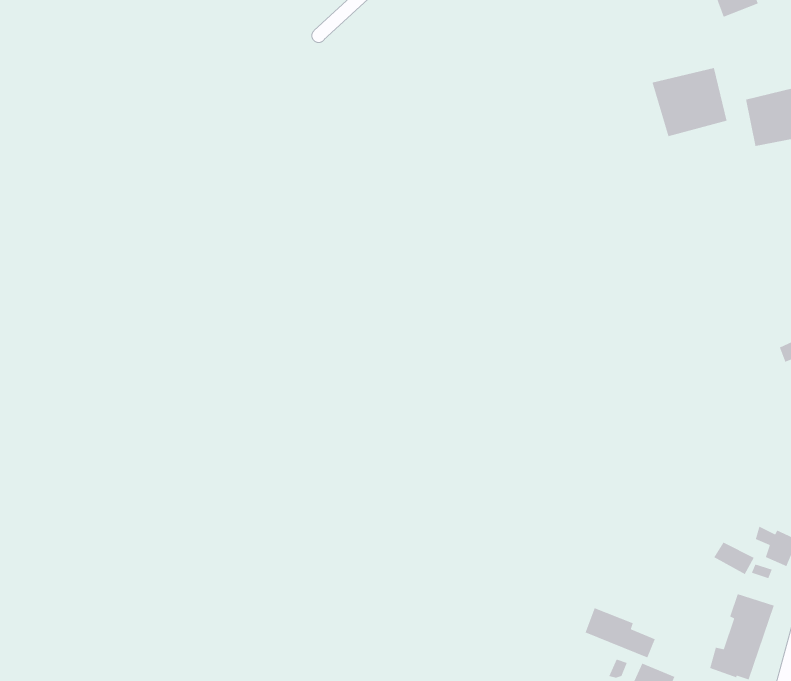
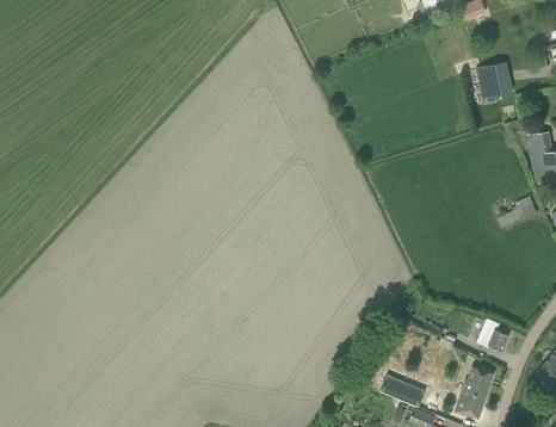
building: [651,67,728,137] -> none

